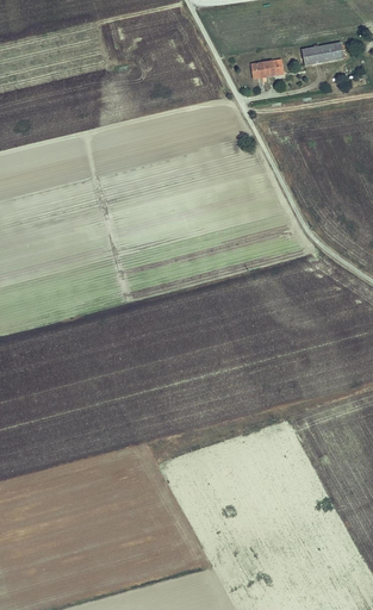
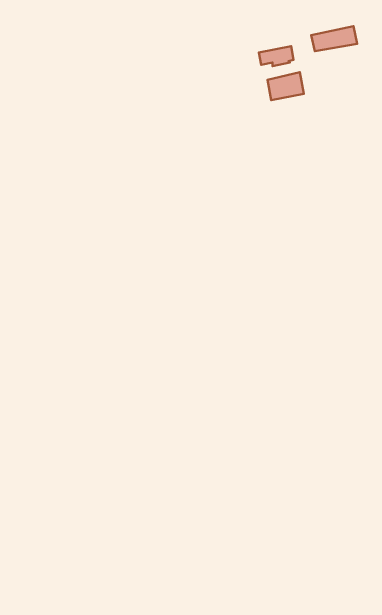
building: none -> [268,72,304,100]

